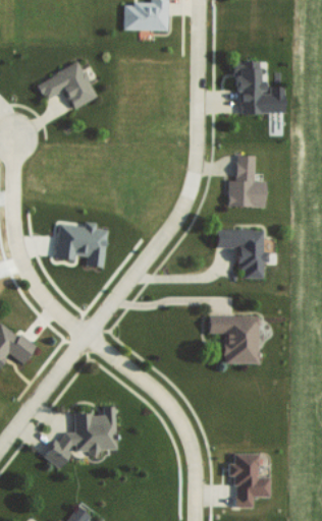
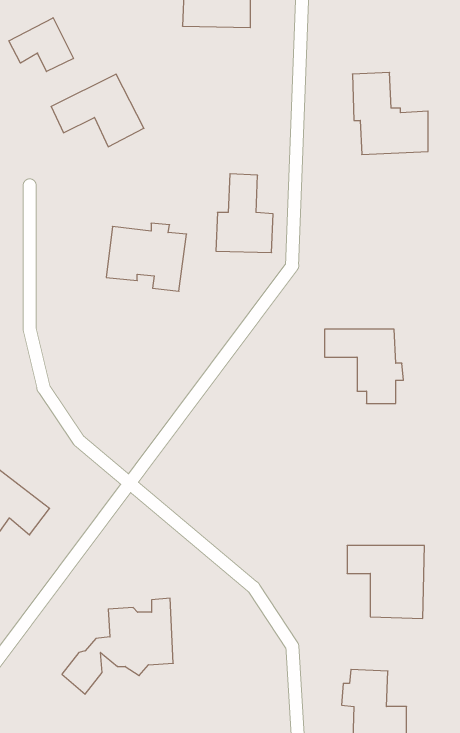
building: none -> [9,18,73,72]
building: [227,155,265,207] -> [216,174,273,253]
building: [54,222,107,267] -> [106,223,187,291]
building: [208,315,259,363] -> [347,546,424,618]

